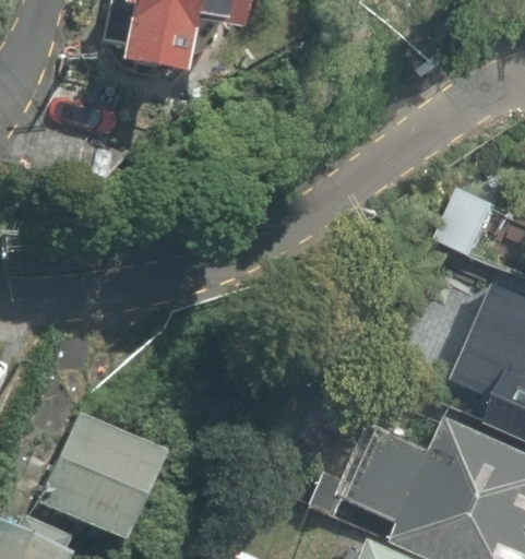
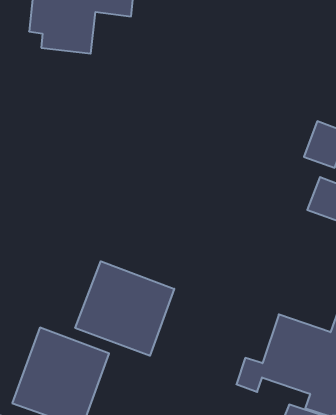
building: none -> [75,261,174,356]

